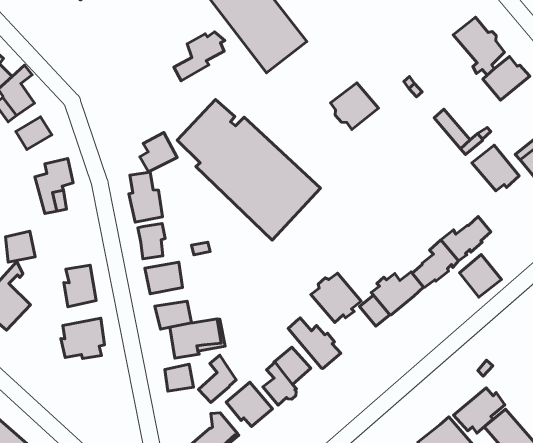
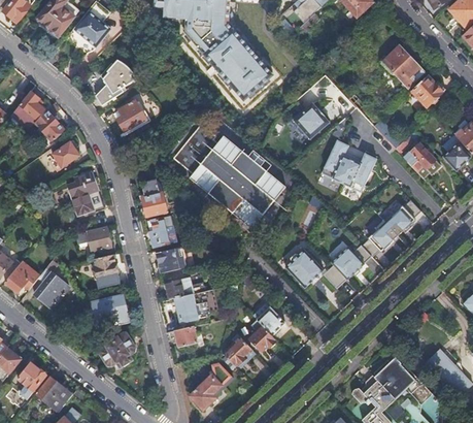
building: [174,32,225,81] -> [96,64,134,103]
building: [140,133,177,172] -> [117,98,146,129]
building: none -> [324,142,379,194]
building: [6,231,35,262] -> [88,225,111,250]
building: [460,254,501,297] -> none
building: [288,318,341,368] -> none
building: [198,355,236,402] -> none
building: none -> [98,331,135,366]
building: [454,388,505,433] -> none

